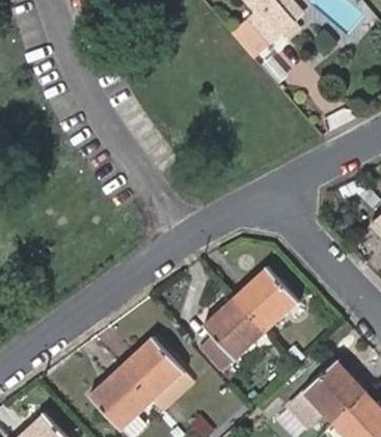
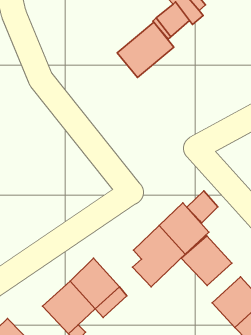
building: none -> [117,22,174,78]
building: none -> [187,191,218,223]
building: none -> [181,236,232,286]

